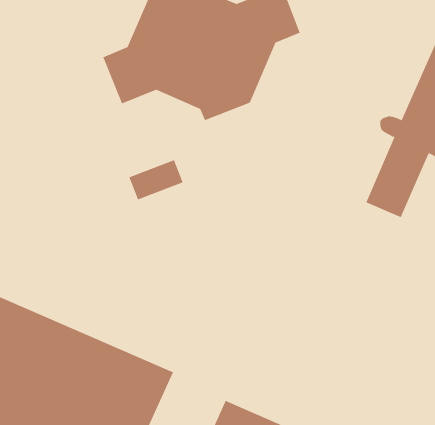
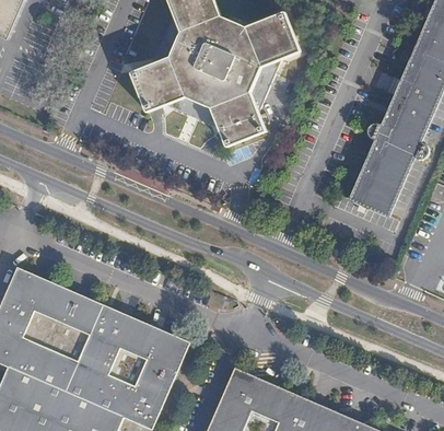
building: [129,159,184,200] -> [218,113,265,148]

